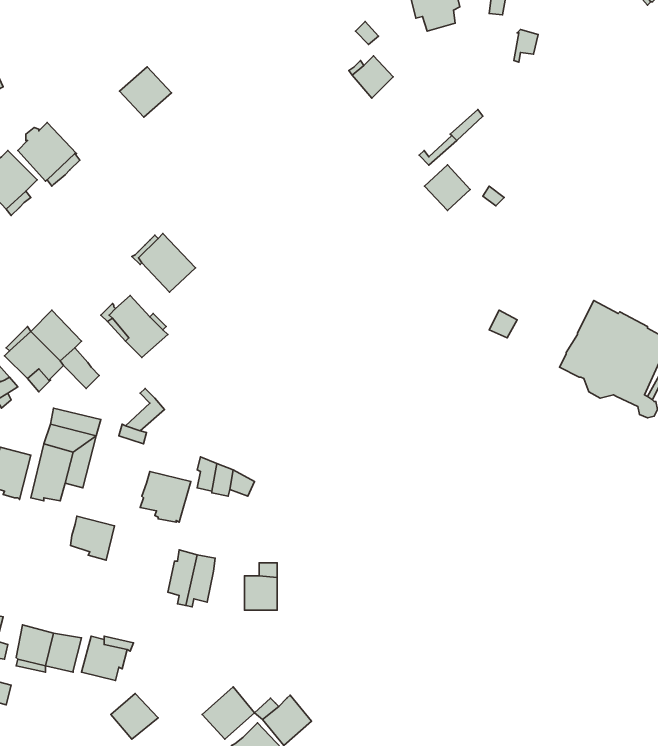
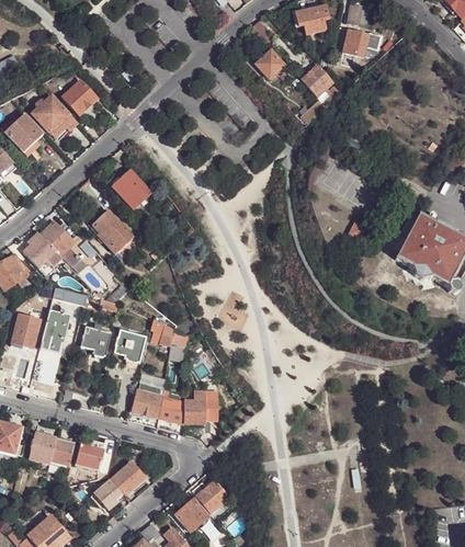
building: none -> [342,29,367,55]
building: [119,67,172,117] -> [61,80,97,114]
building: [425,165,470,211] -> [302,64,332,94]
building: [70,516,114,560] -> [80,326,110,355]
building: none -> [158,396,181,422]
building: [202,687,254,739] -> [110,459,145,494]

